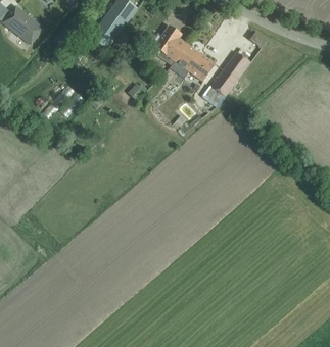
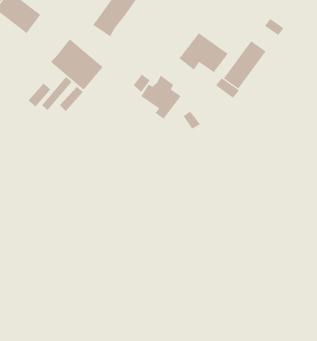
building: [150,24,188,65] -> [140,75,182,119]
building: none -> [50,39,104,91]

